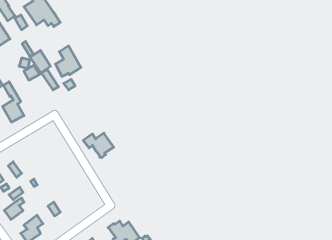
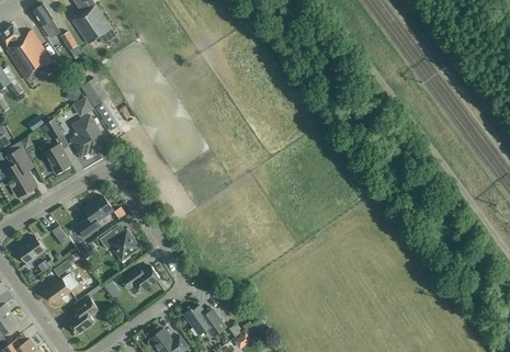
building: [55,46,81,76] -> [71,115,105,156]
building: [83,133,114,158] -> [99,229,139,262]
building: none -> [76,196,113,237]
building: none -> [121,265,159,291]

